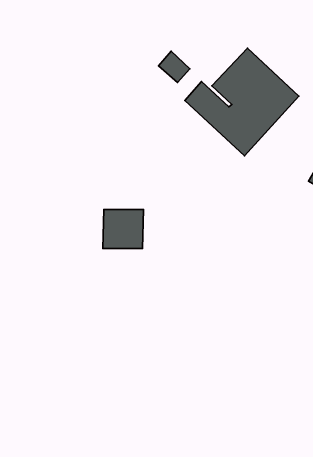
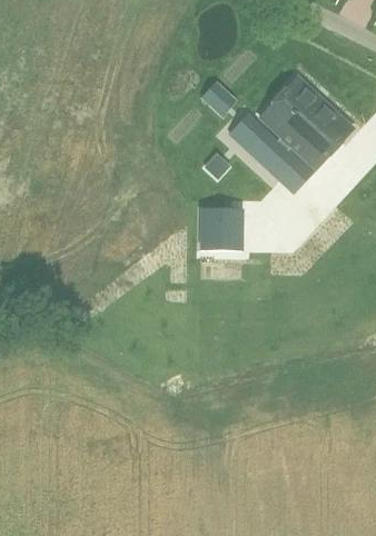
building: [103,210,144,248] -> [199,208,243,249]

